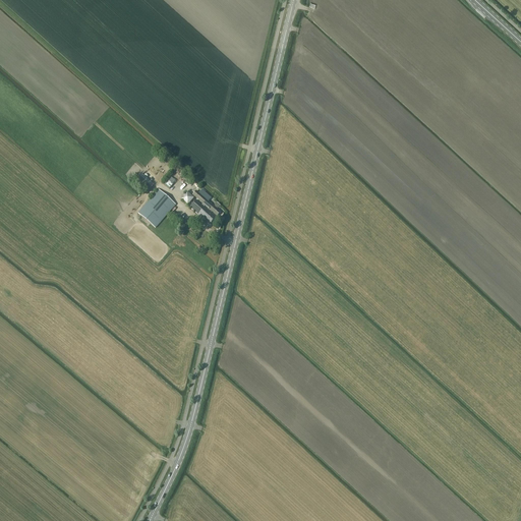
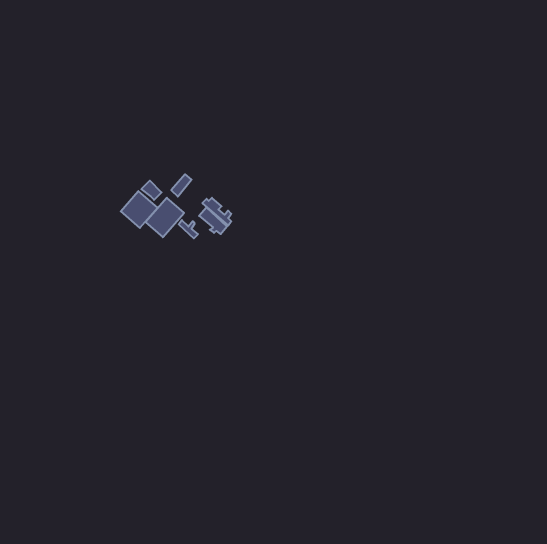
building: none -> [121,191,157,228]

